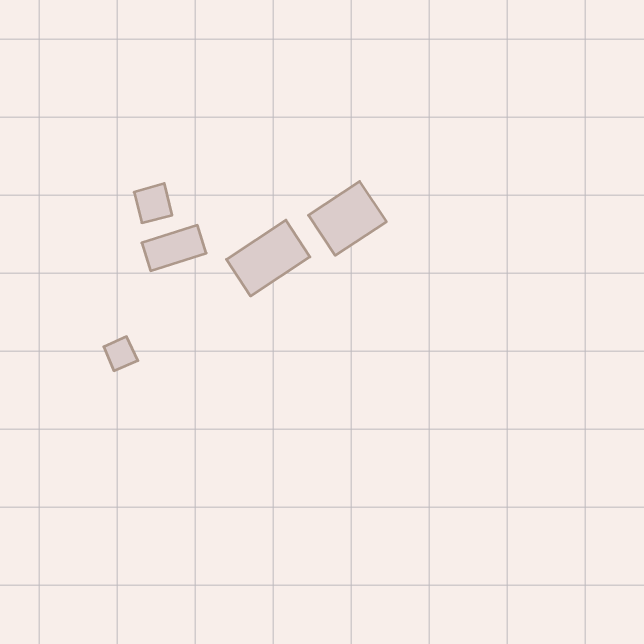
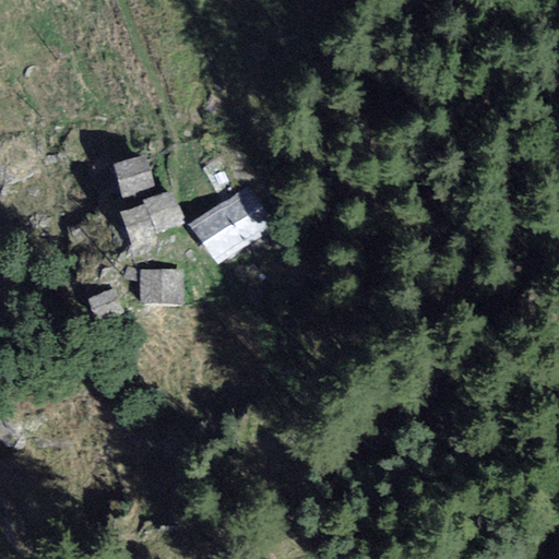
building: [308,181,386,255] -> none
building: none -> [142,271,177,298]

